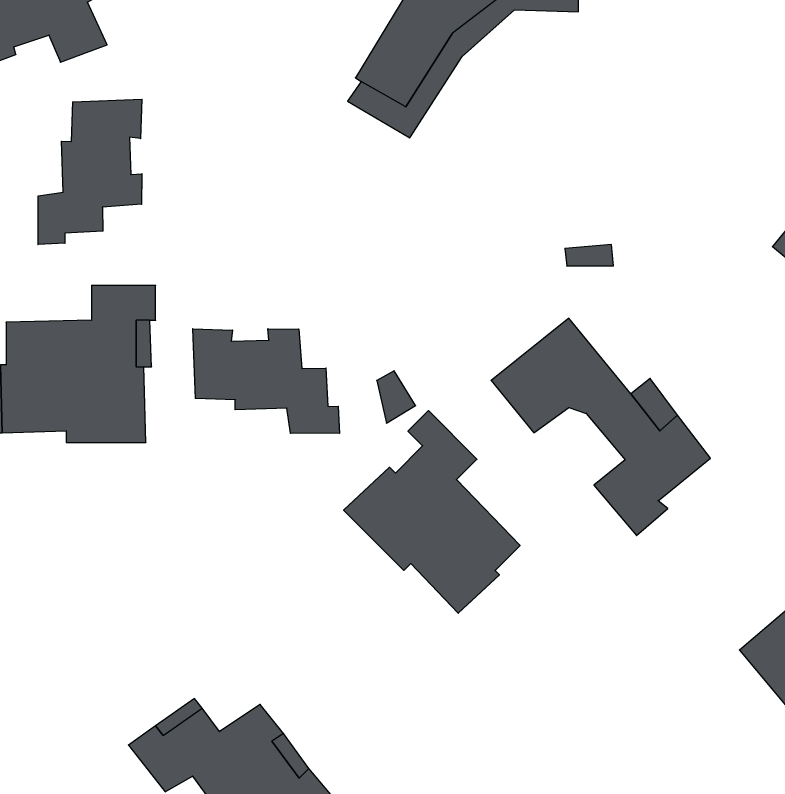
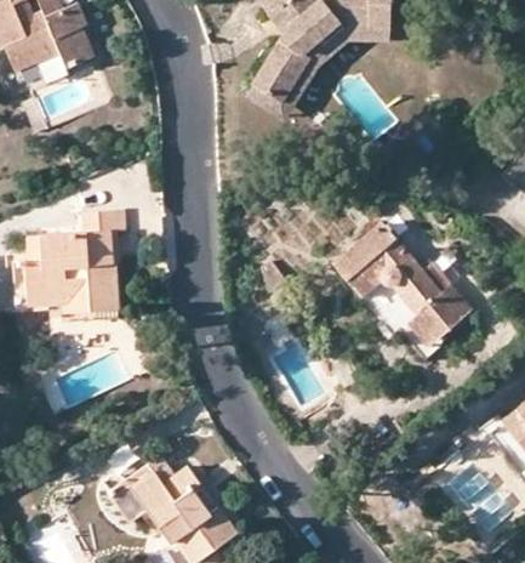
building: [38,99,142,245] -> none
building: [193,329,339,433] -> none
building: [344,411,520,613] -> none

